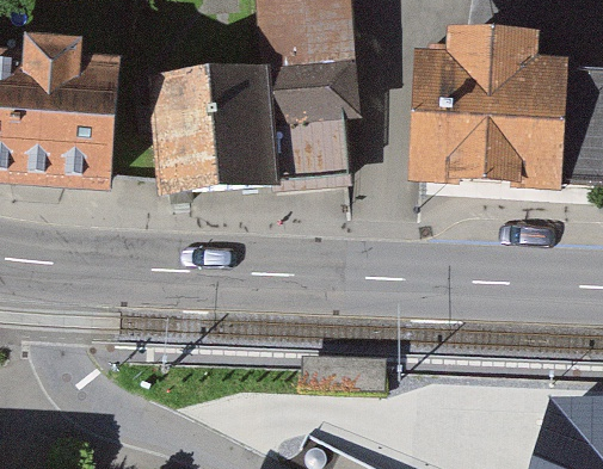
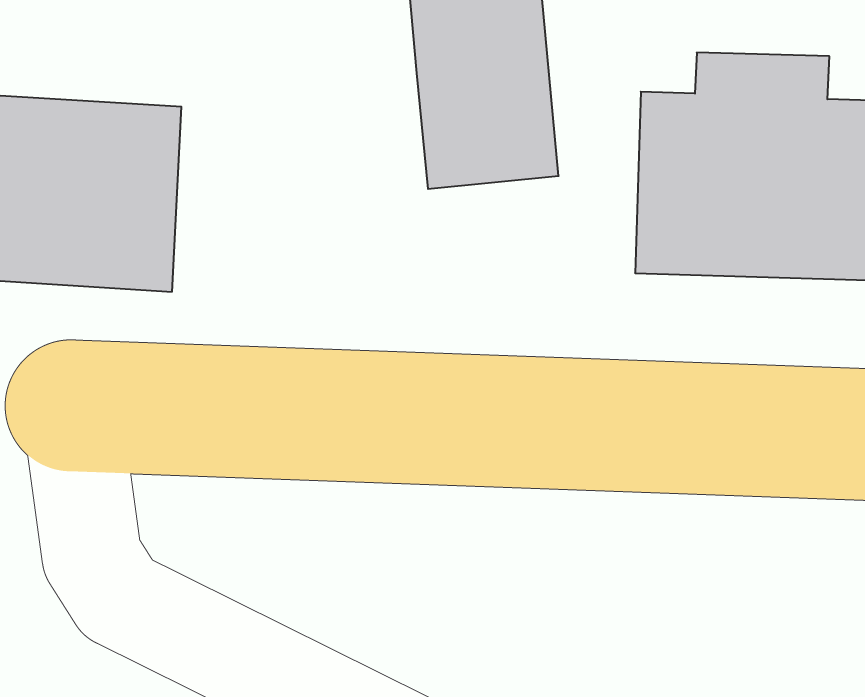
building: [154,49,279,174] -> none

